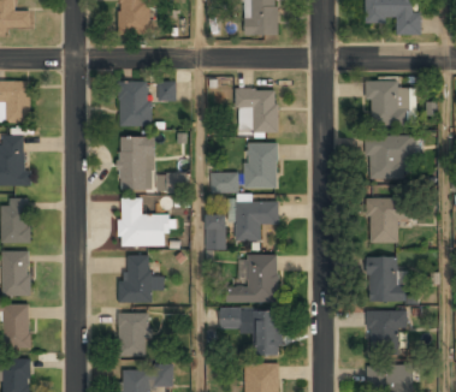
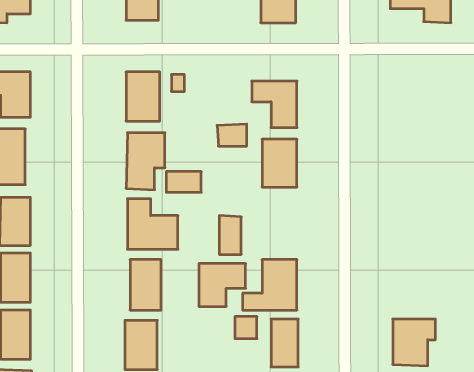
building: [367,81,405,125] -> none
building: [366,136,411,179] -> none
building: [211,172,238,192] -> [217,124,247,146]
building: [368,198,409,243] -> none
building: [236,201,279,240] -> [199,264,246,306]
building: [367,257,417,303] -> none

